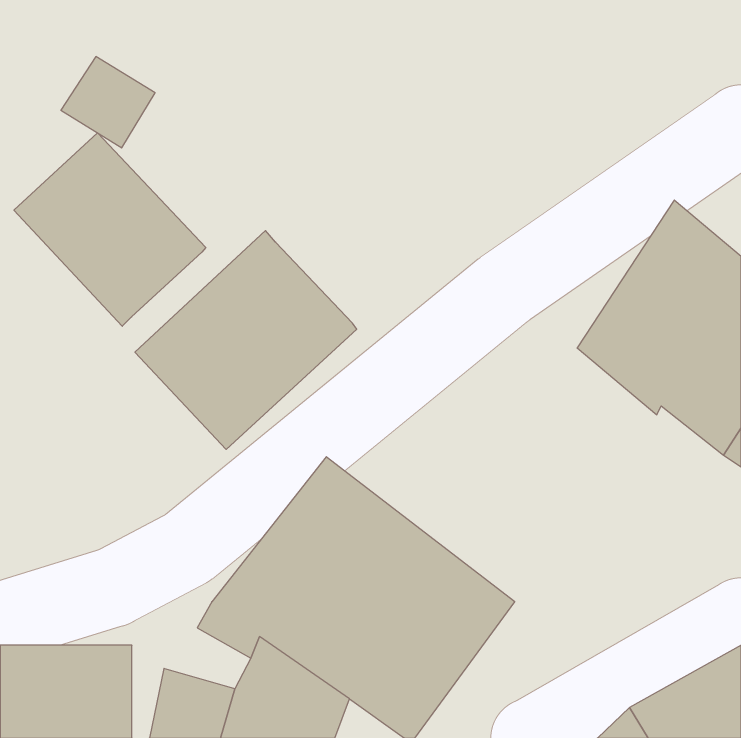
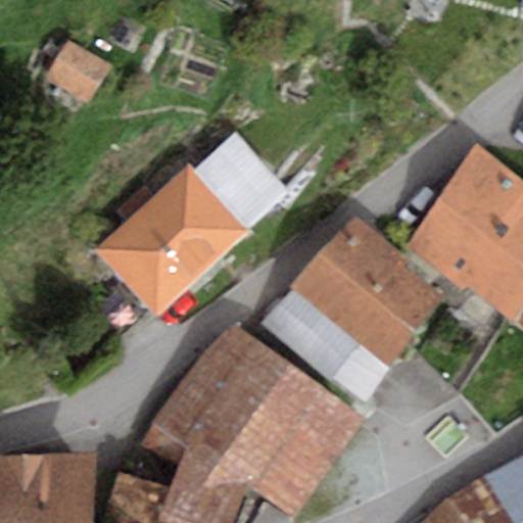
building: [14,133,206,326] -> none
building: none -> [194,132,289,228]
building: none -> [265,216,442,403]

